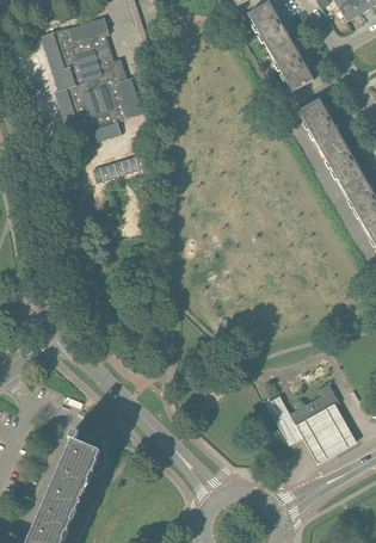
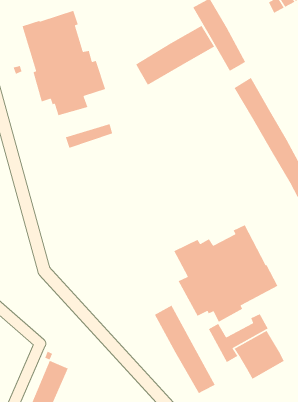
building: none -> [135,25,215,86]
building: none -> [173,224,279,323]
building: none -> [154,304,216,394]

